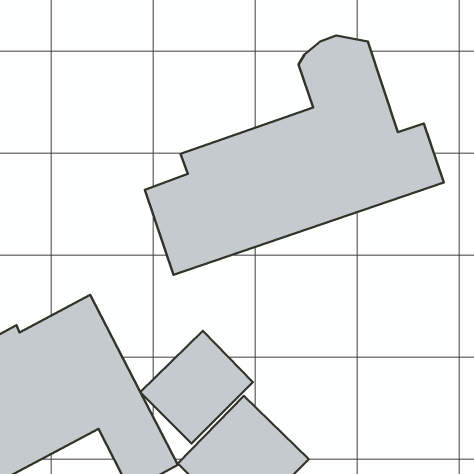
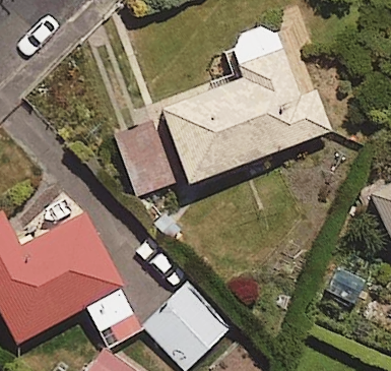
building: [140,331,253,444] -> none

